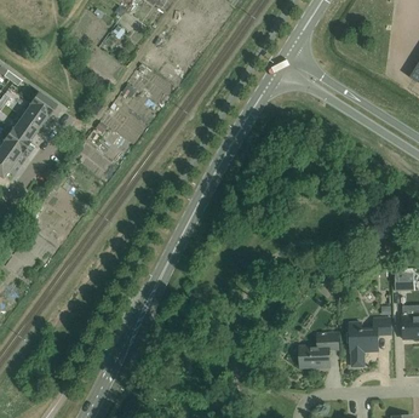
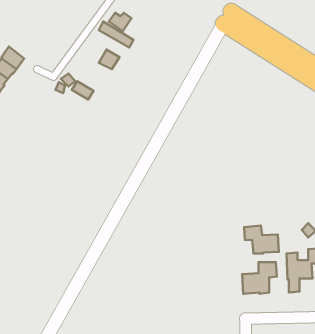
building: none -> [244,225,279,254]

